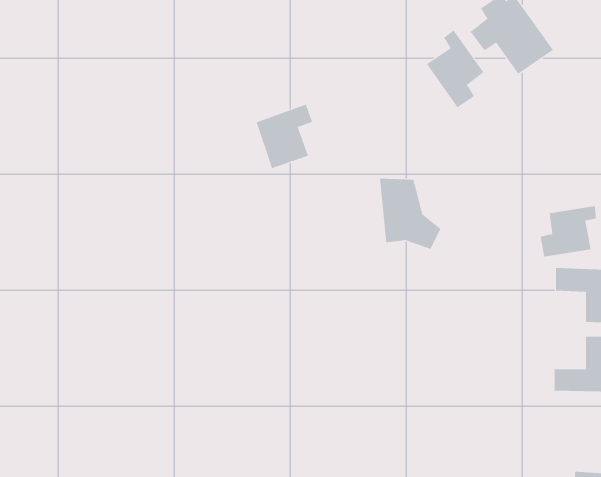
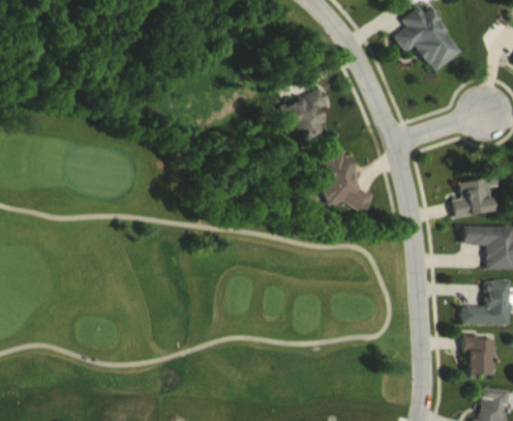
building: [426,29,484,108] -> none
building: [256,104,313,169] -> [282,90,328,142]
building: none -> [464,336,492,374]

